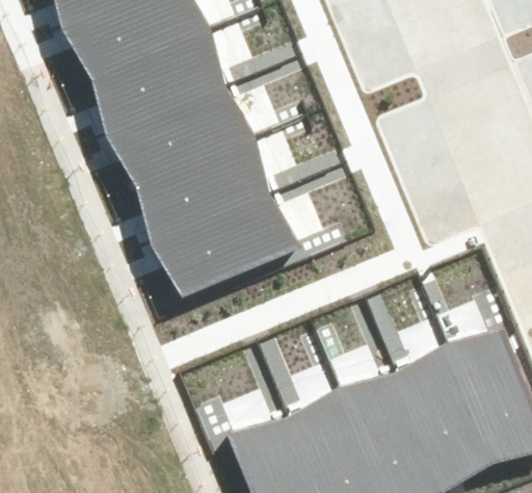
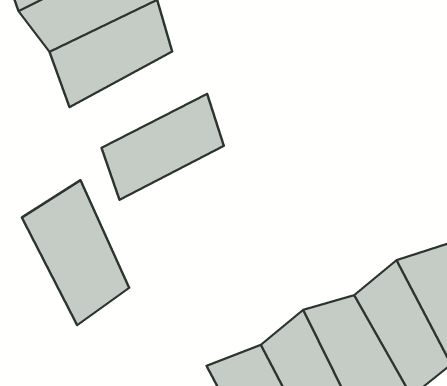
building: [107,90,258,187] -> none
building: [151,199,303,294] -> none
building: none -> [22,180,129,325]

